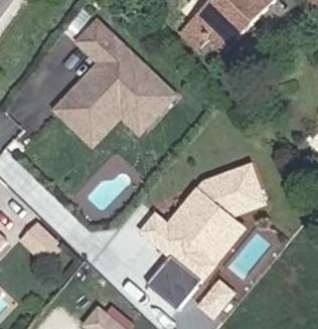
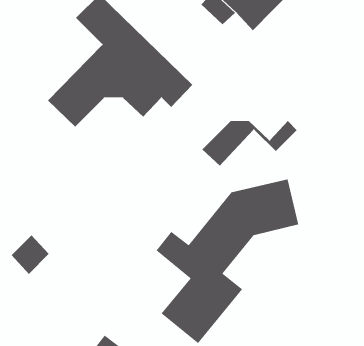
building: [75,107,155,145] -> [201,120,298,167]
building: [198,220,240,265] -> none

